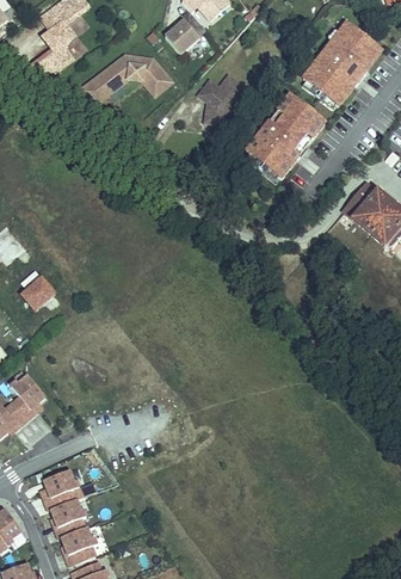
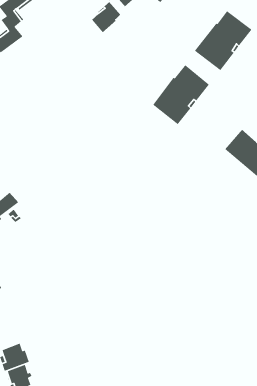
building: [80,55,172,105] -> none
building: [198,74,245,125] -> none

